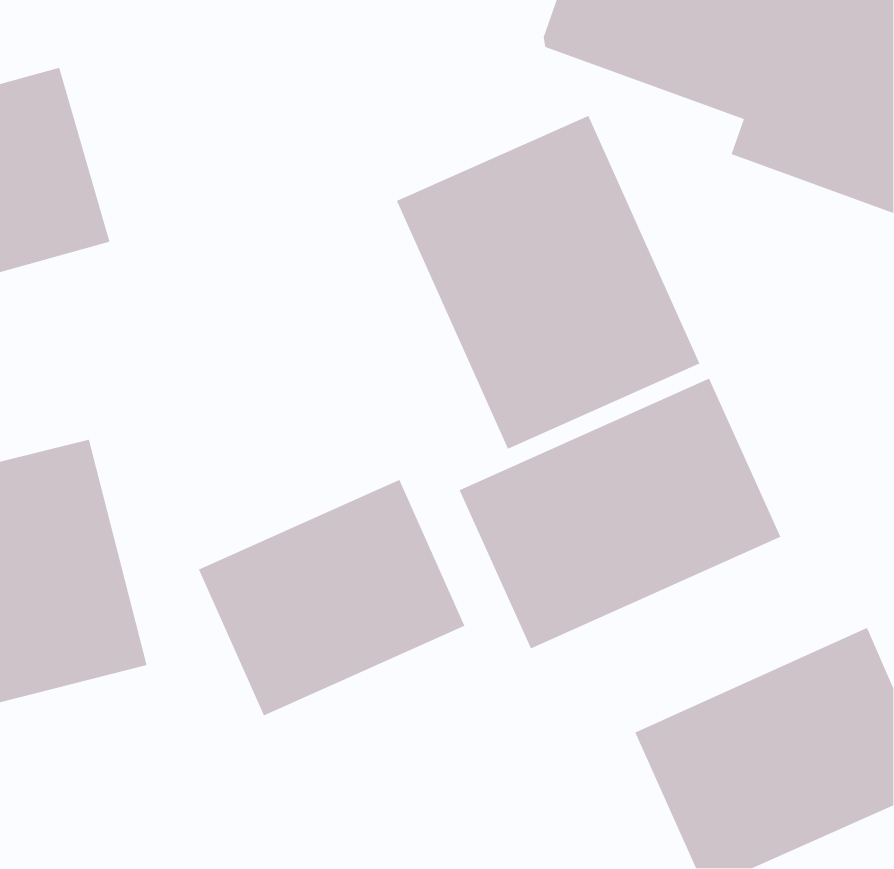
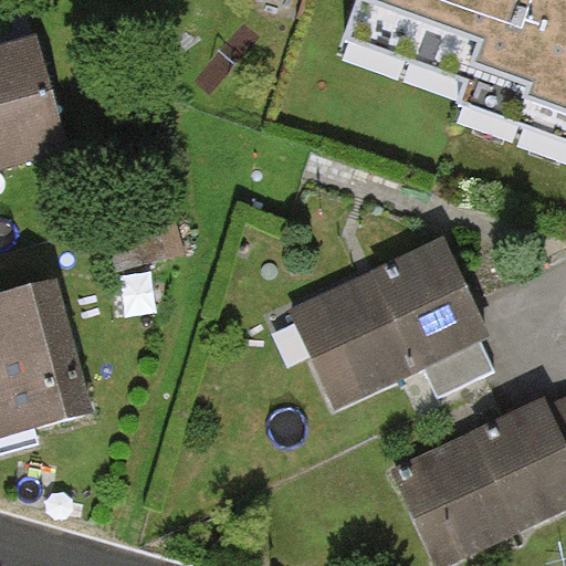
building: [396,115,701,450] -> none
building: [198,479,465,716] -> none

